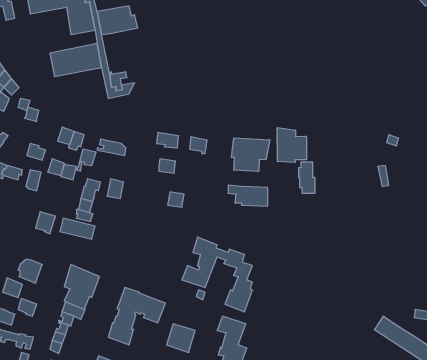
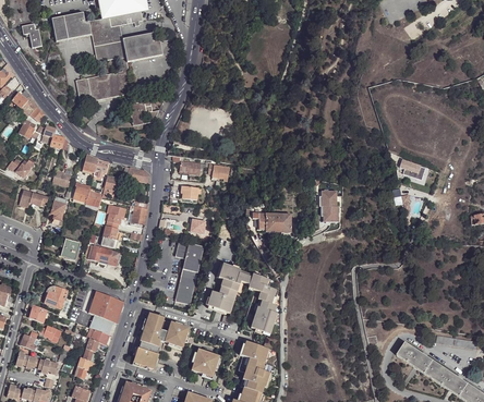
building: [277,128,306,162] -> none
building: [232,138,270,172] -> none
building: none -> [173,240,204,304]

